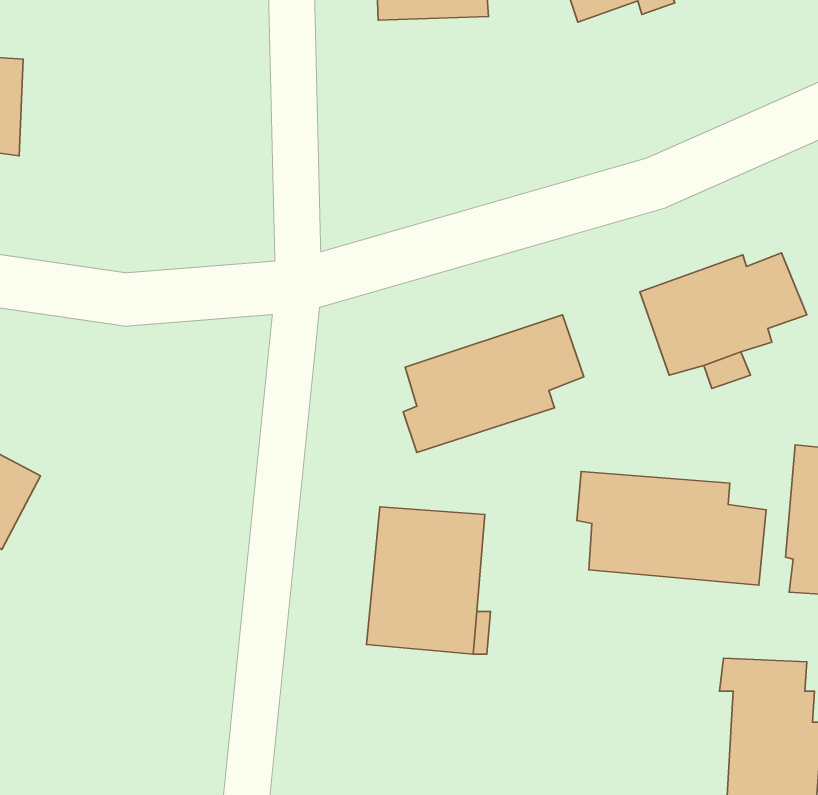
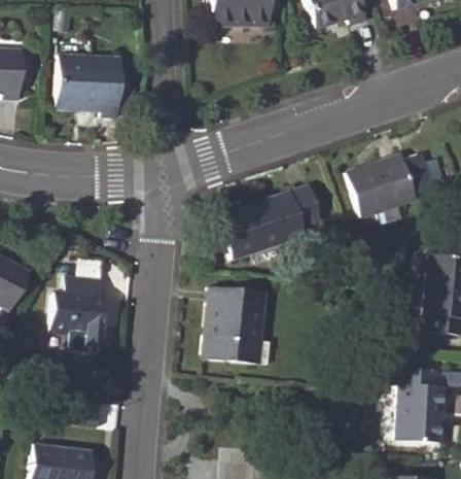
building: none -> [57,54,120,117]
building: [577,471,766,585] -> none
building: none -> [49,274,104,343]

